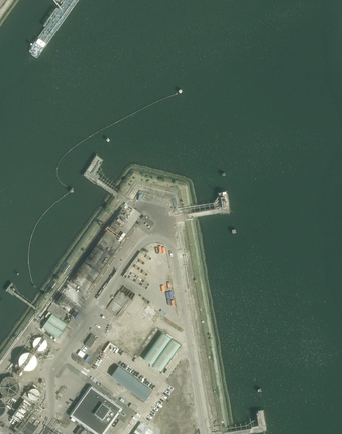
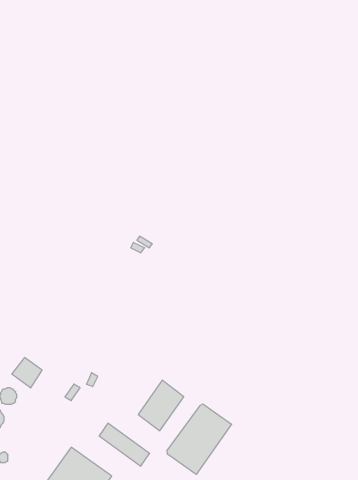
building: none -> [167,404,232,474]

